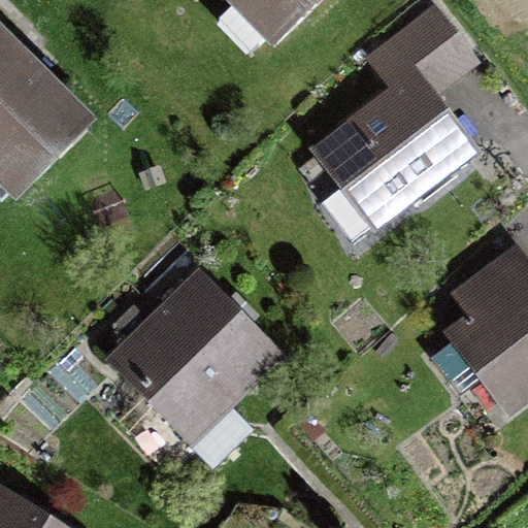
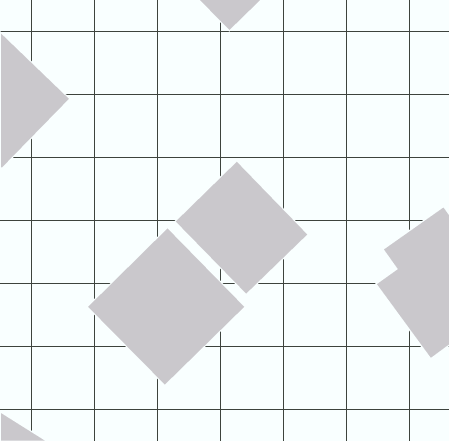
building: [309,5,482,233] -> none
building: none -> [175,161,308,294]

